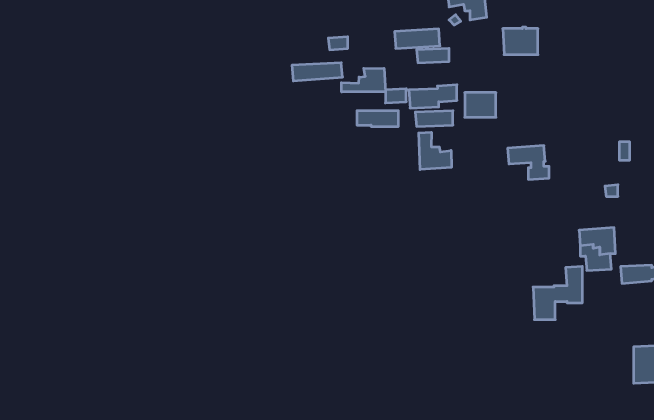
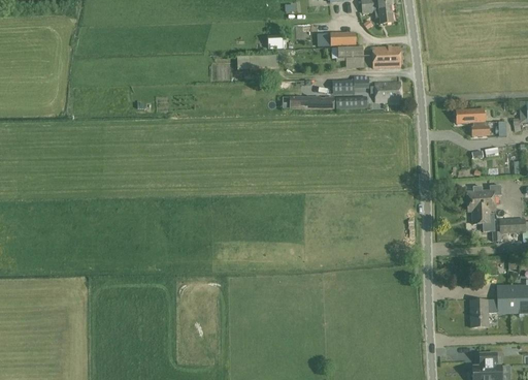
building: [503,27,538,55] -> [372,45,400,67]
building: [341,68,385,92] -> none
building: [419,132,451,170] -> none
building: [508,146,549,179] -> [455,108,488,135]
building: [533,266,582,320] -> [470,284,509,326]

